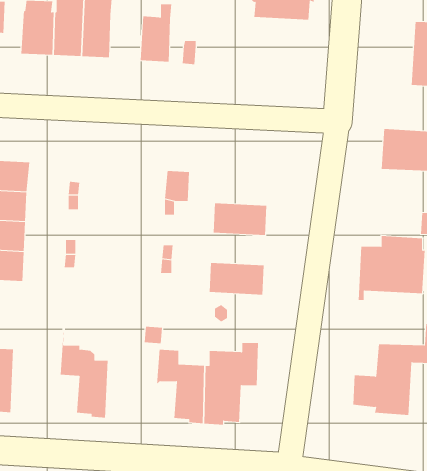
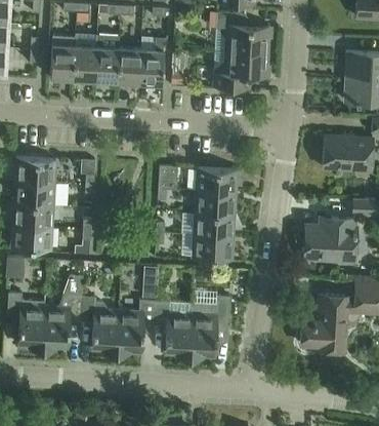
building: none -> [117,47,141,82]
building: none -> [213,49,269,87]
building: none -> [196,167,237,192]
building: none -> [193,212,235,237]
building: none -> [42,274,82,350]
building: none -> [114,301,154,354]

